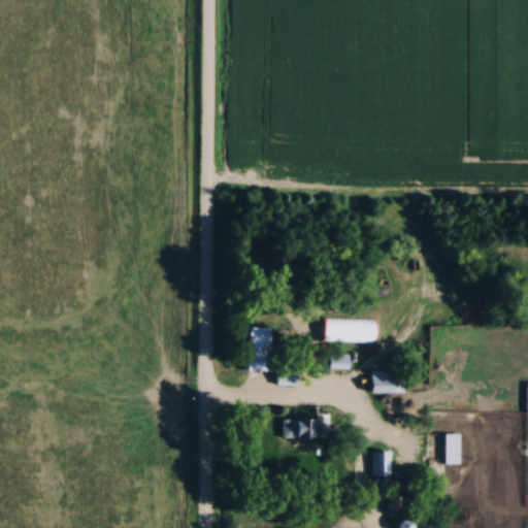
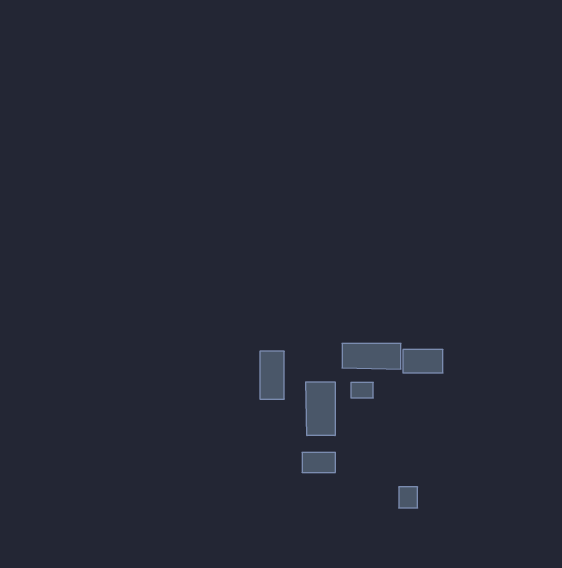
building: none -> [306,382,335,436]
building: [370,371,407,393] -> [403,350,443,373]
building: [447,433,464,464] -> none

